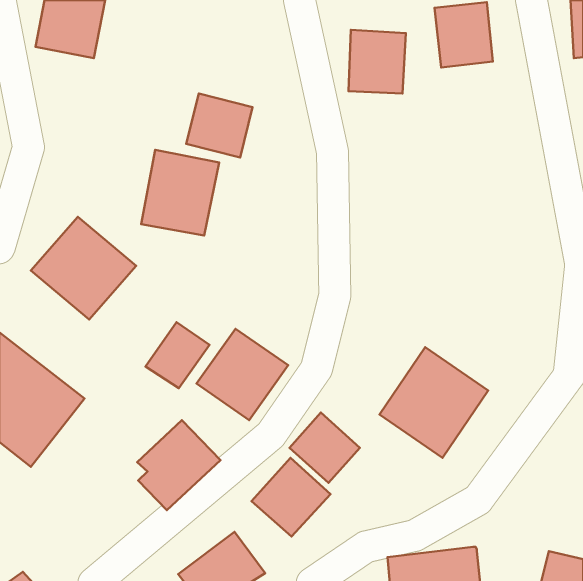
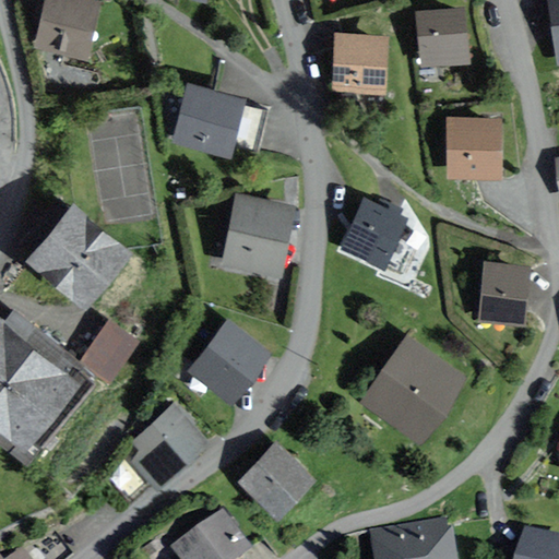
building: none -> [447,116,502,179]
building: [141,150,219,236] -> [222,194,296,276]
building: none -> [337,199,409,273]
building: none -> [478,260,532,326]
building: [146,322,210,388] -> [78,314,139,378]
building: [289,413,360,483] -> none

